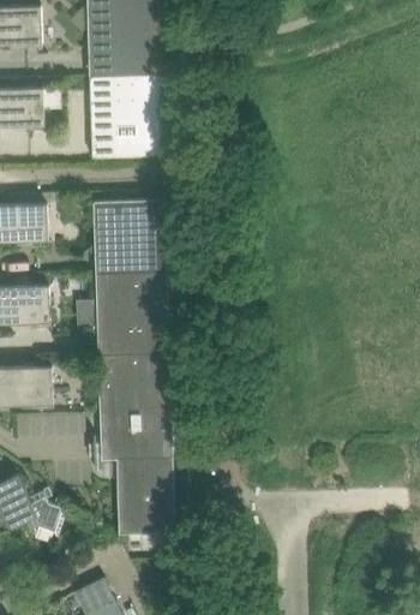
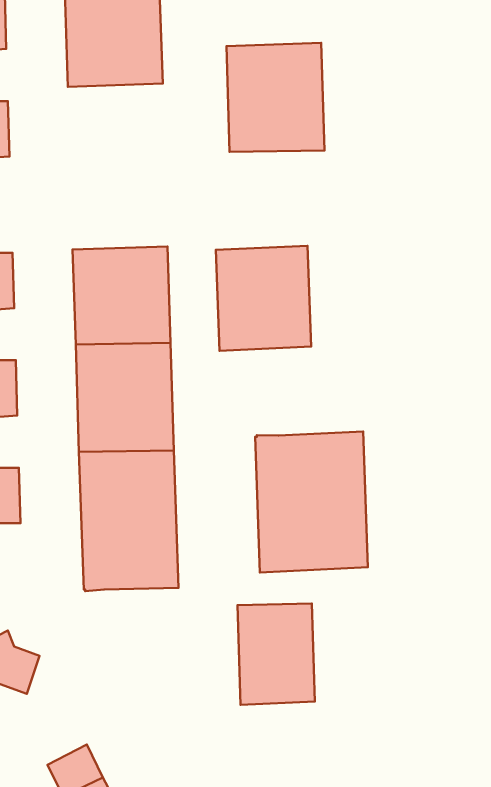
building: [88,74,162,157] -> [226,43,324,152]
building: none -> [216,246,311,351]
building: none -> [255,432,368,573]
building: [115,458,174,535] -> [237,604,315,705]

